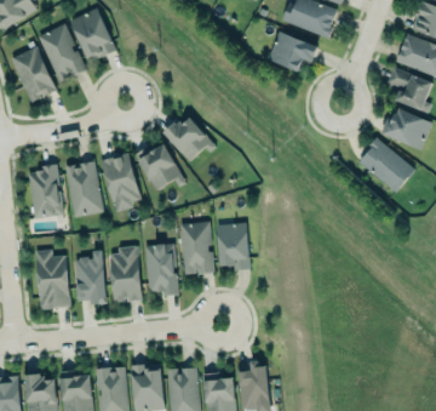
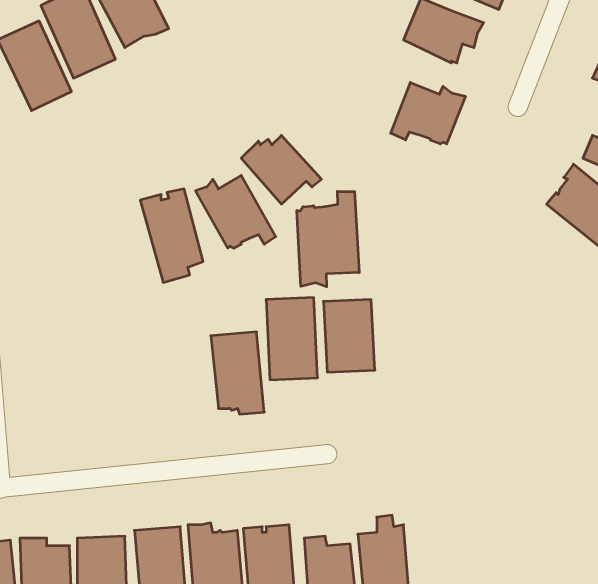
building: none -> [391,82,465,144]
building: none -> [297,191,359,287]
building: [64,162,103,217] -> none
building: [29,164,63,218] -> none
building: [110,246,143,303] -> none
building: [35,250,70,310] -> none
building: [75,250,108,306] -> none

